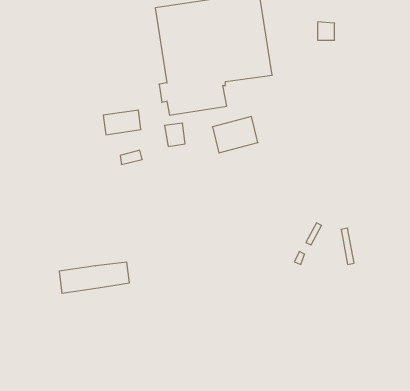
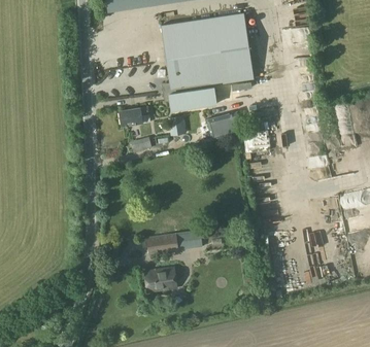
building: [59,262,129,293] -> [146,230,202,254]
building: none -> [144,268,176,291]

